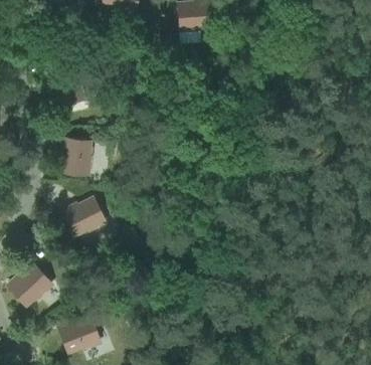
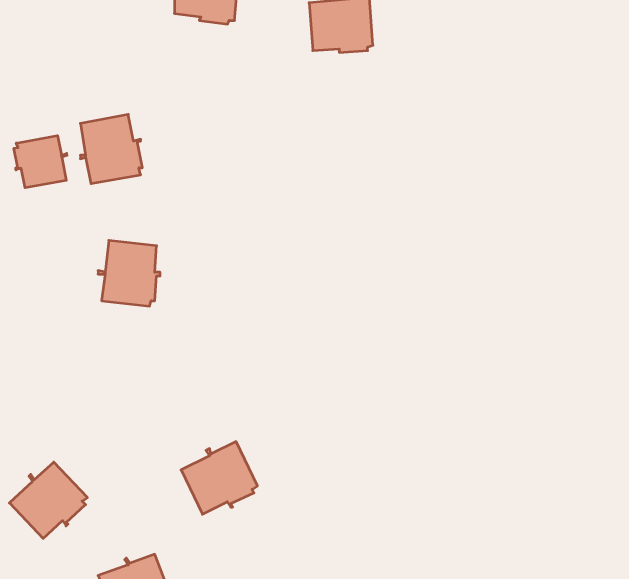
building: none -> [14,136,67,188]
building: [62,195,106,236] -> [181,442,257,514]

